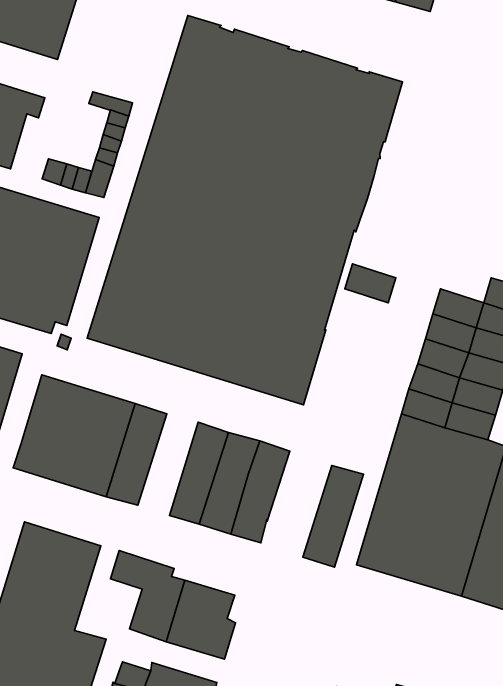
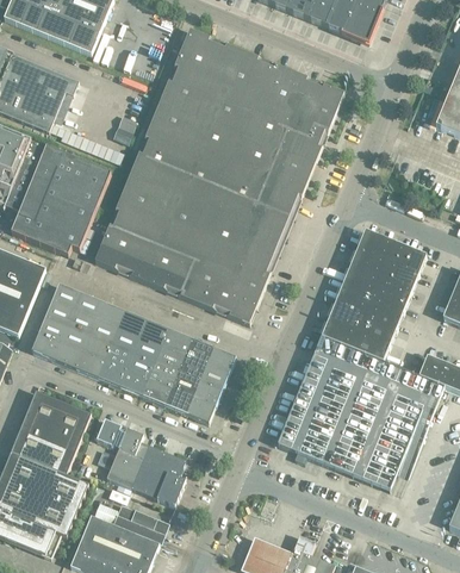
building: [345,264,396,303] -> [358,230,396,261]
building: [303,466,363,567] -> [120,322,170,397]

